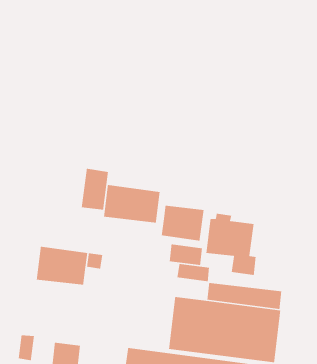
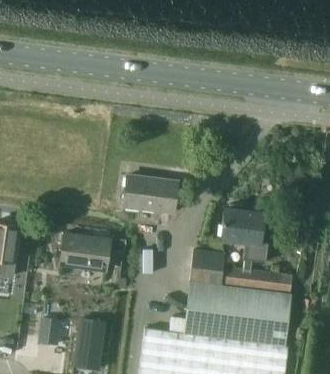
building: [81,168,109,210] -> none
building: [161,205,204,242] -> none
building: [169,244,203,266] -> [190,263,222,284]

